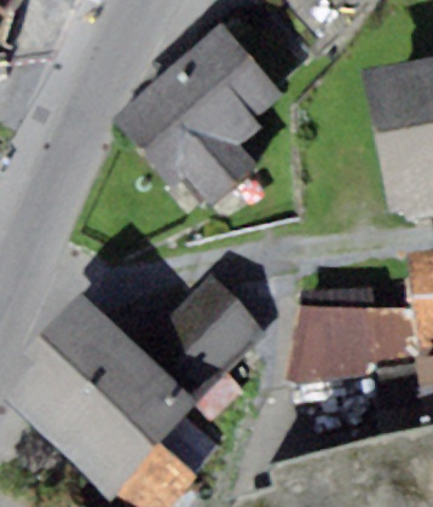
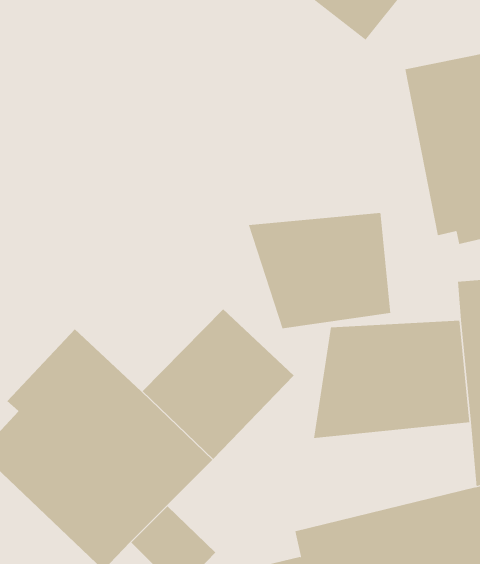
building: [120,39,281,211] -> none
building: none -> [248,212,391,329]

